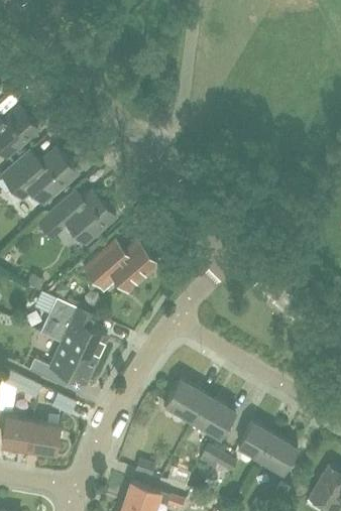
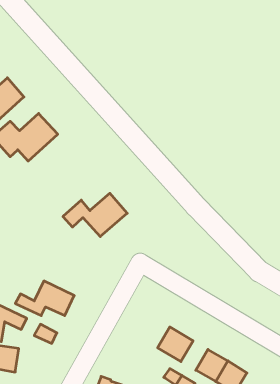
building: [37,189,115,243] -> none
building: [48,298,107,360] -> none
building: [165,380,207,420] -> none
building: [27,421,60,453] -> none

